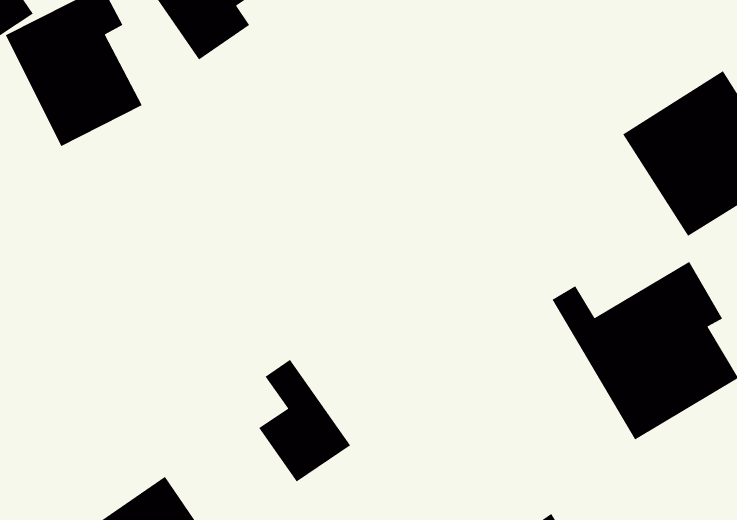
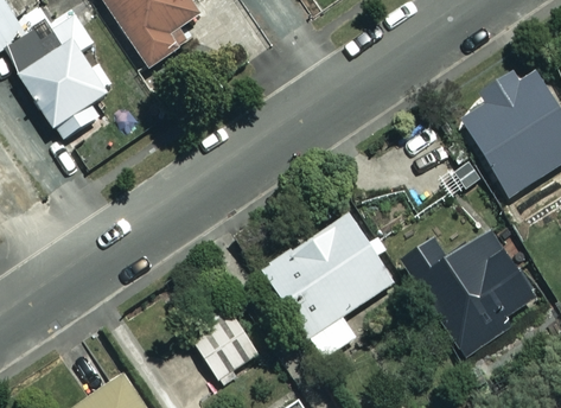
building: none -> [260,211,394,357]

